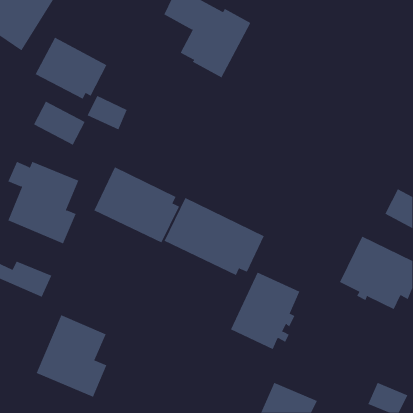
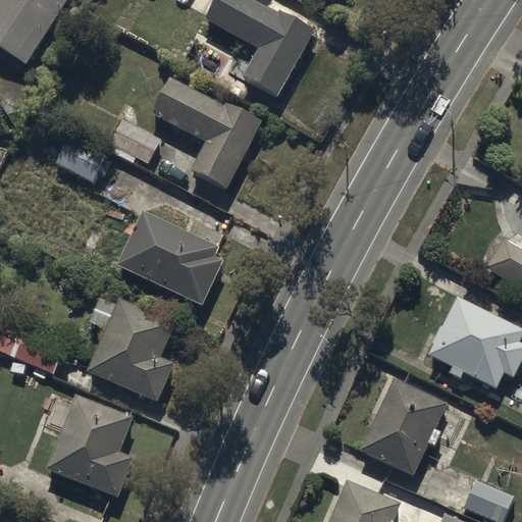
building: [35,37,107,100] -> none
building: none -> [152,77,263,189]
building: [7,161,79,244] -> [88,296,177,400]
building: [164,197,265,276] -> none
building: [230,272,300,350] -> [357,376,445,474]

